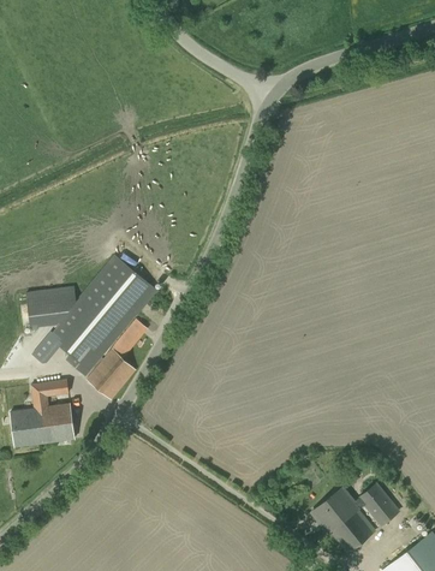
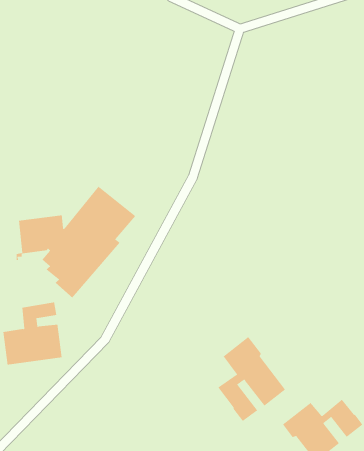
building: [85,319,148,399] -> none
building: none -> [217,336,286,422]

